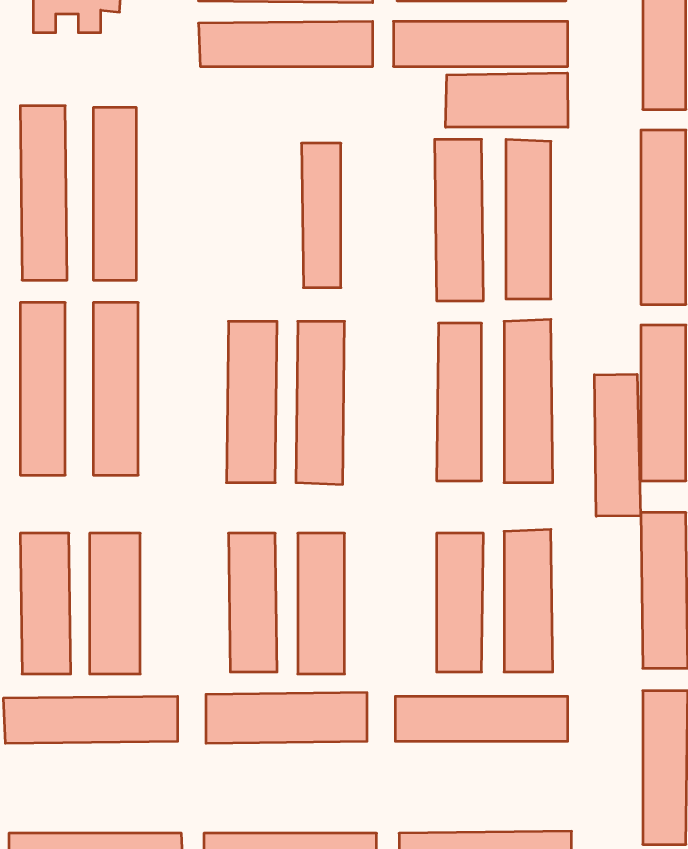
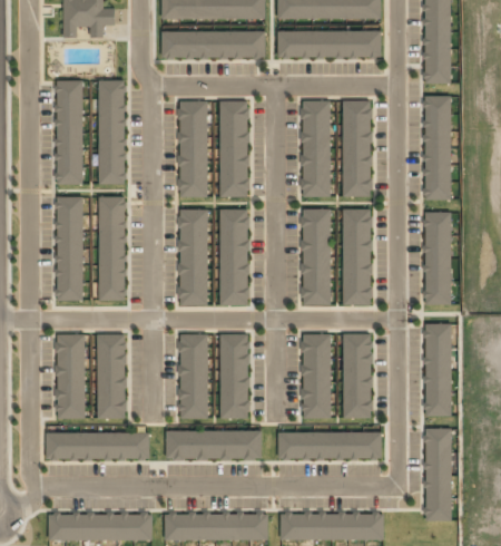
building: [446,73,568,127] -> none
building: none -> [178,101,207,197]
building: [594,374,641,516] -> none

